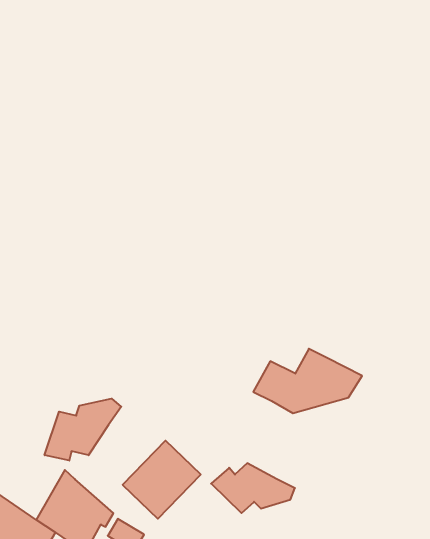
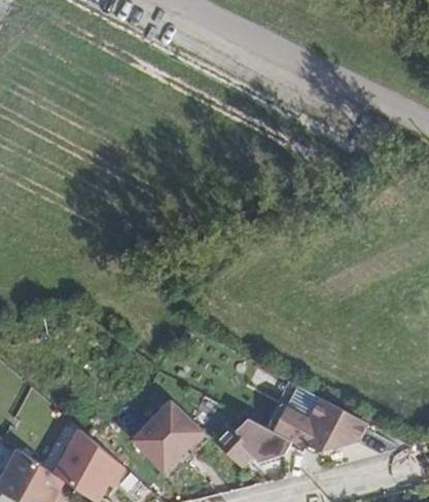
building: [253,349,362,413] -> [271,396,369,455]
building: [45,399,121,461] -> none

